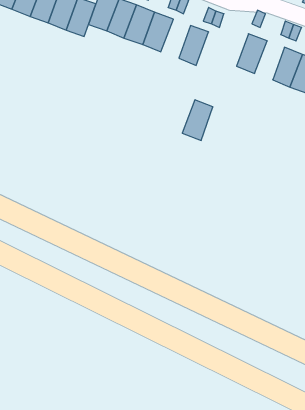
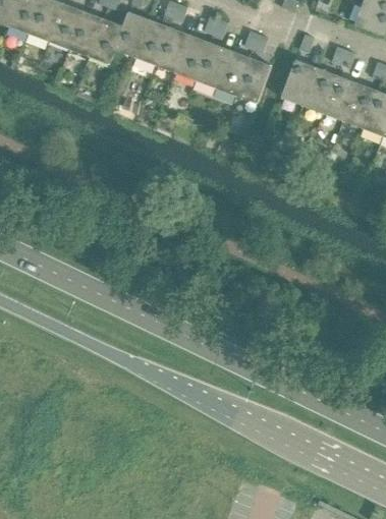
building: none -> [197,43,230,86]
building: none -> [302,67,336,111]
building: [182,100,213,140] -> [236,57,271,103]

